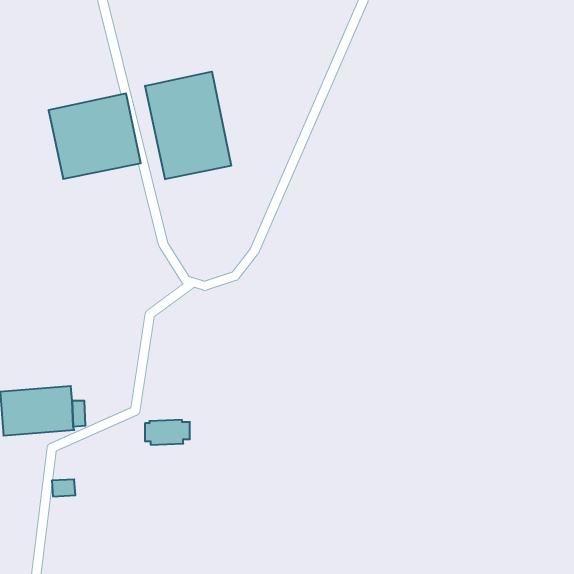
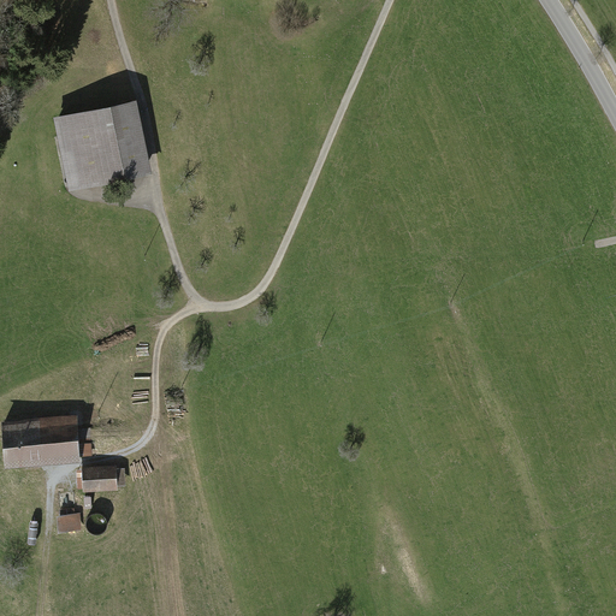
building: [145,72,231,179] -> none
building: [145,420,190,445] -> [76,466,124,492]

